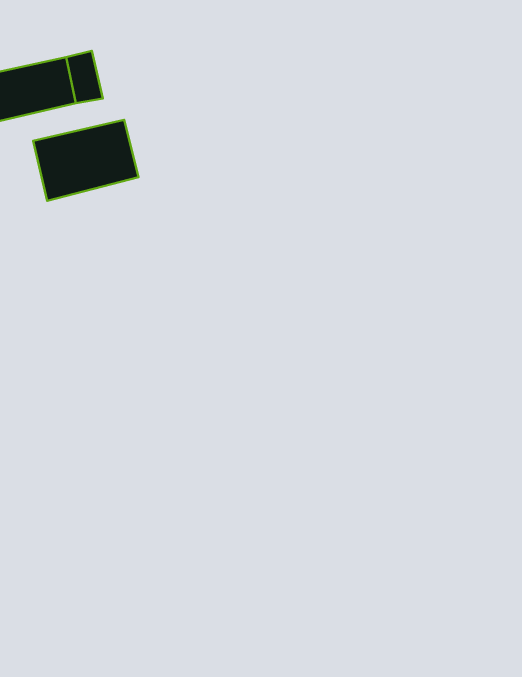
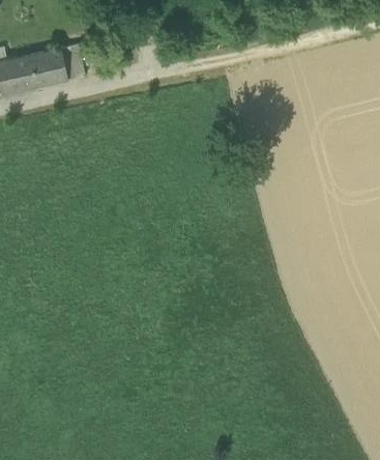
building: [33,120,139,201] -> none

